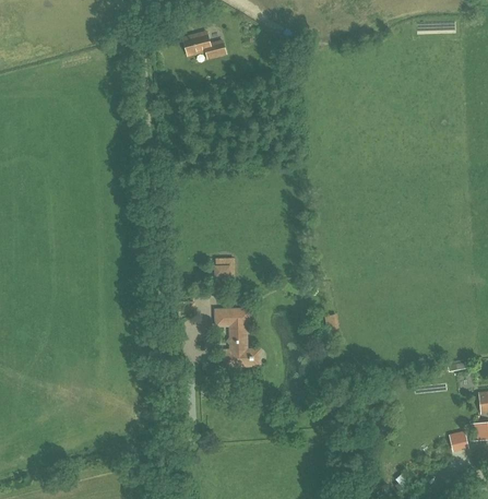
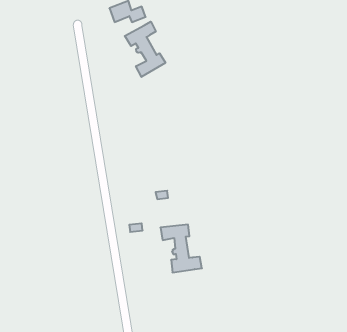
building: none -> [125,22,165,77]

